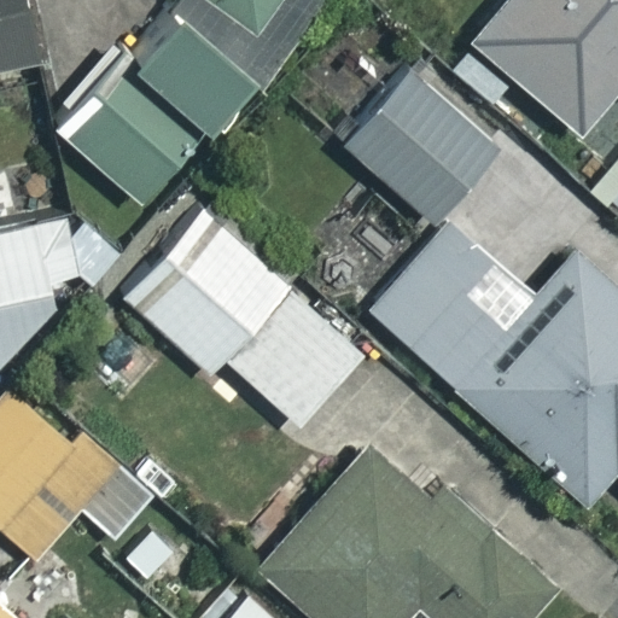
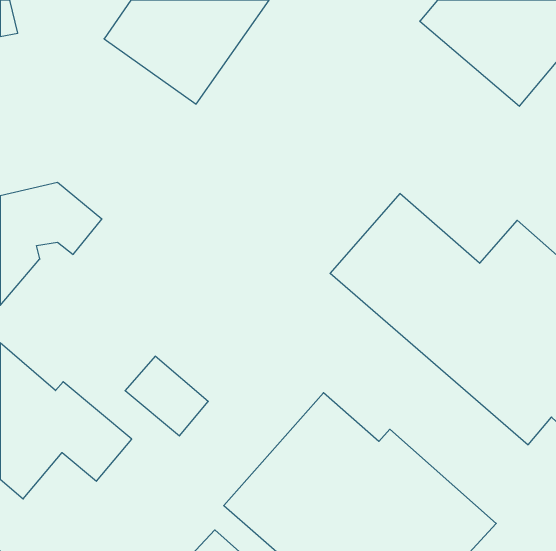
building: [340,65,497,220] -> none
building: [56,68,194,205] -> none
building: [121,205,362,426] -> none

